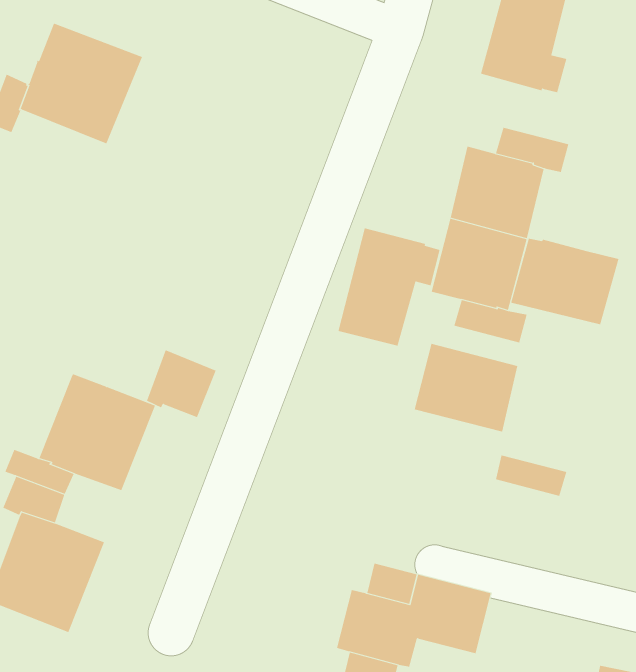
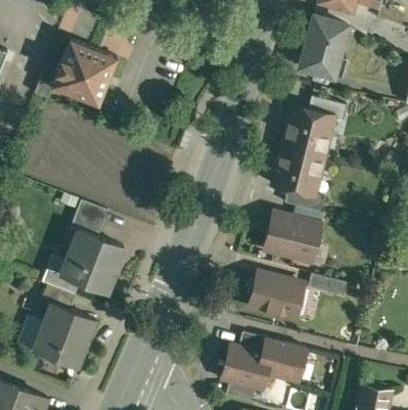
building: [338,228,440,347] -> none
building: [511,238,619,325] -> none
building: [146,350,216,418] -> [71,199,108,236]
building: none -> [250,272,304,318]

